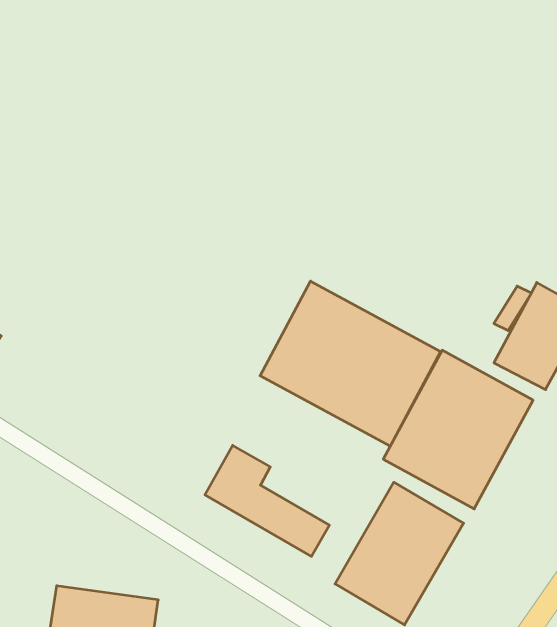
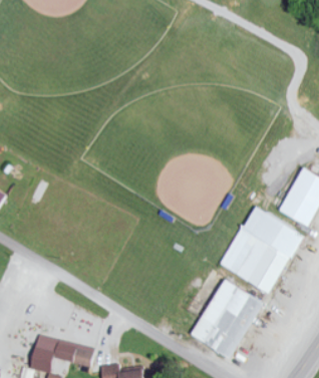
building: [260,281,441,446] -> none
building: [205,445,329,556] -> none

